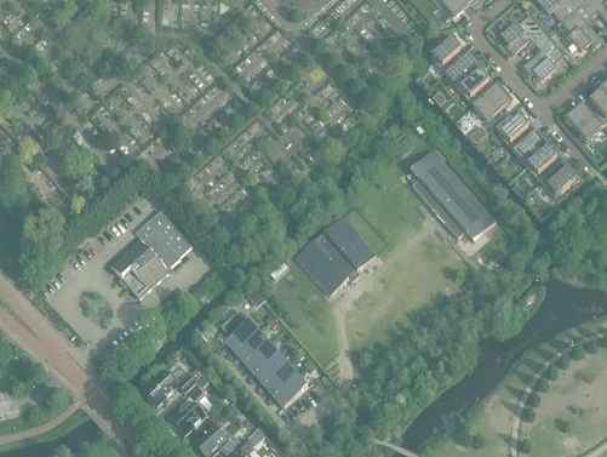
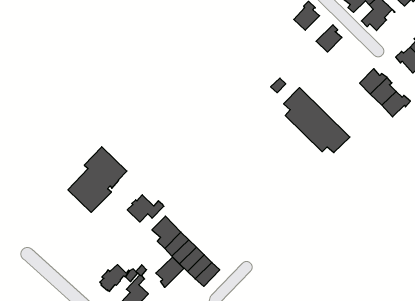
building: [445,53,482,87] -> none
building: [473,85,511,119] -> none
building: [498,109,533,148] -> none
building: [296,216,373,293] -> none
building: none -> [127,195,164,222]
building: none -> [156,257,184,287]

